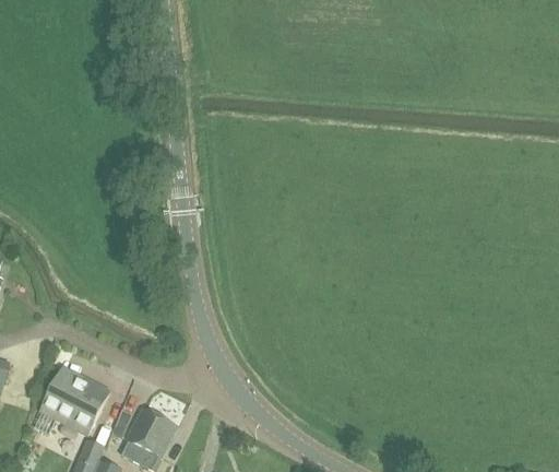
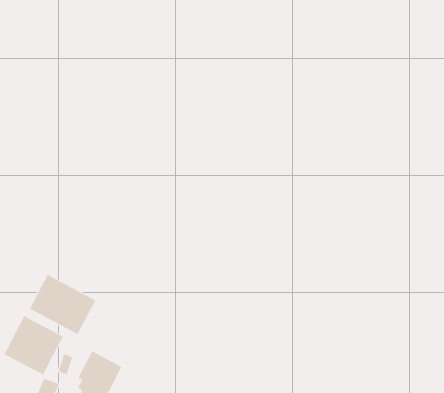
building: none -> [29,274,96,335]

